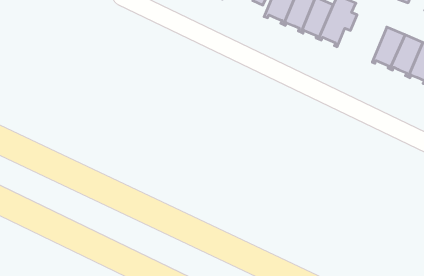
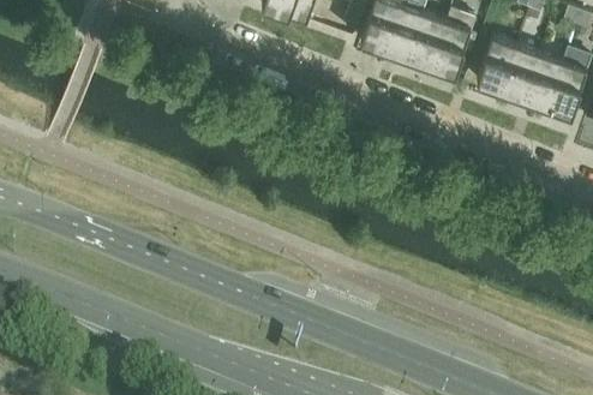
building: none -> [477,36,516,90]

